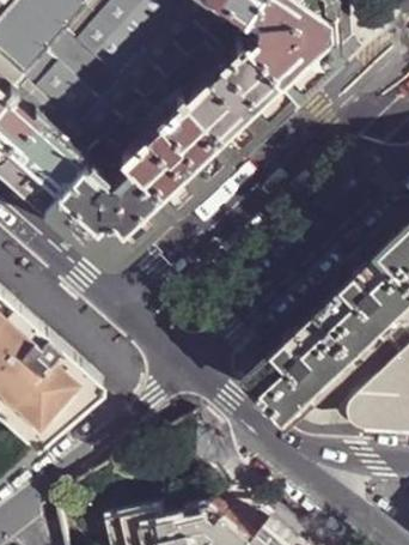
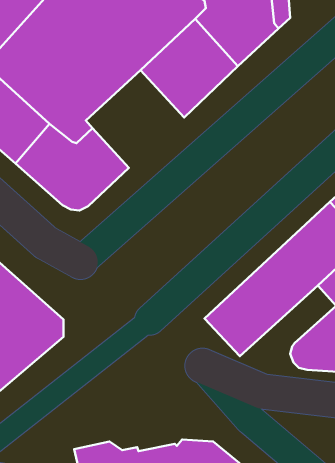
building: [116,93,226,202] -> none

